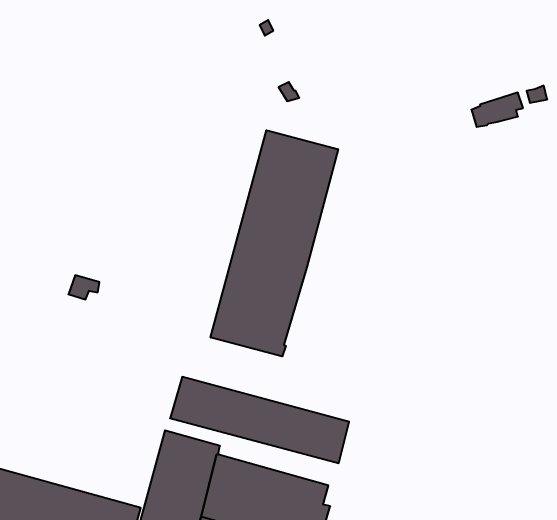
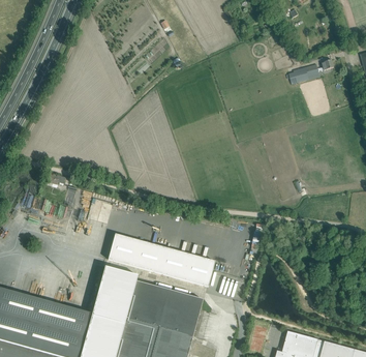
building: [211,130,338,356] -> none

